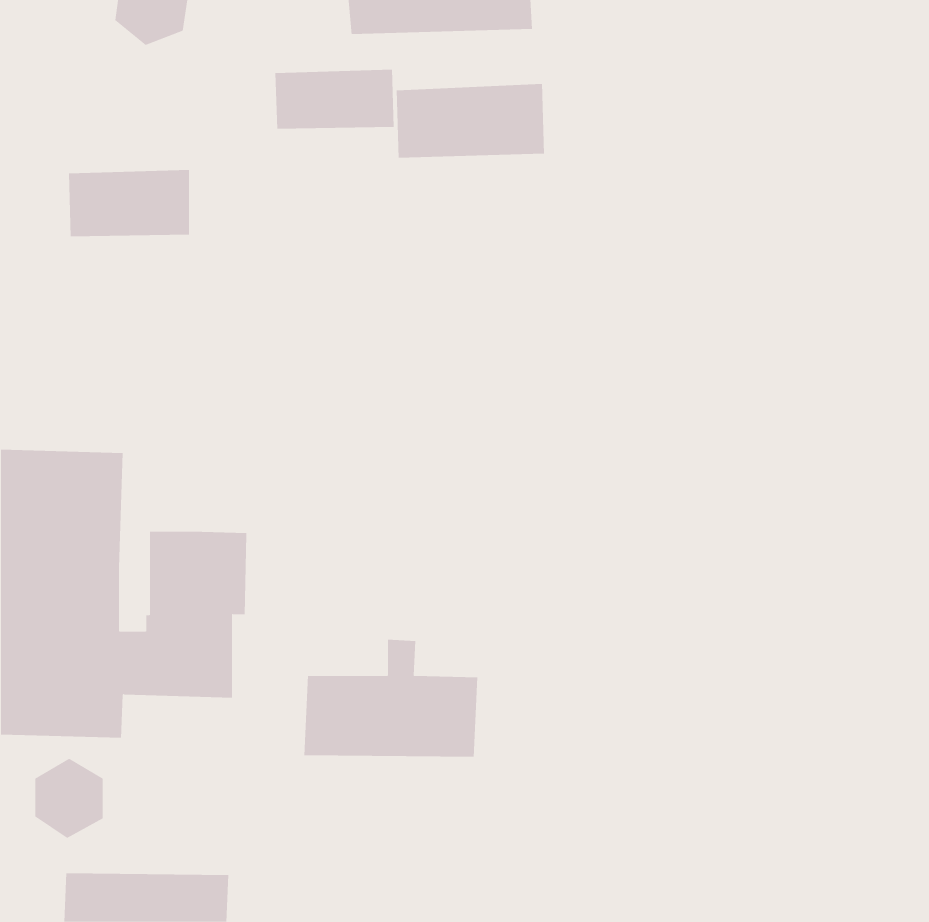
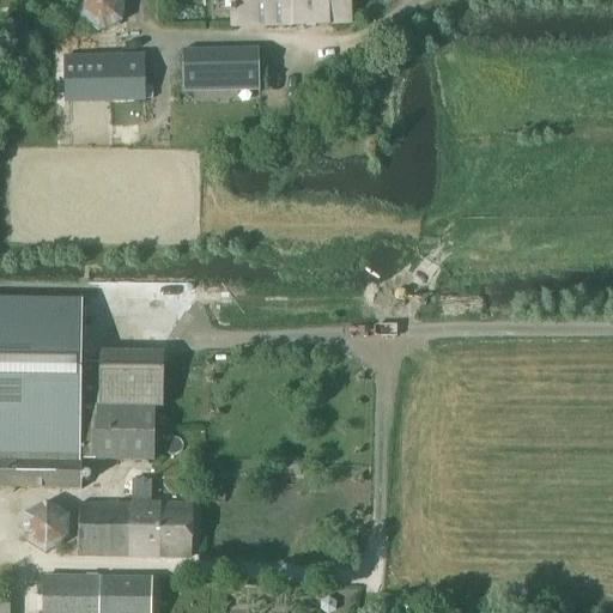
building: [396,83,545,159] -> none
building: [68,170,190,237] -> [63,53,144,97]
building: [304,639,478,757] -> [77,477,192,554]

